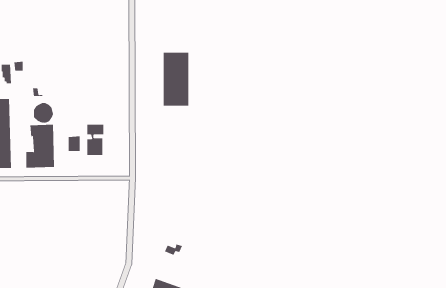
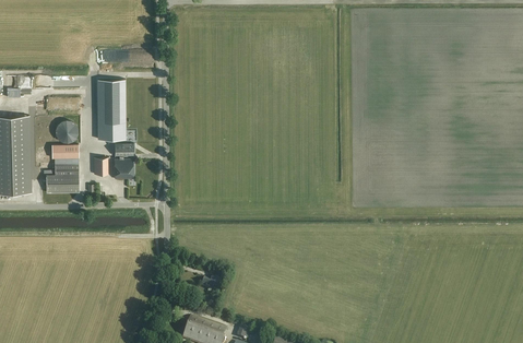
building: [163,52,189,106] -> [97,78,127,138]

